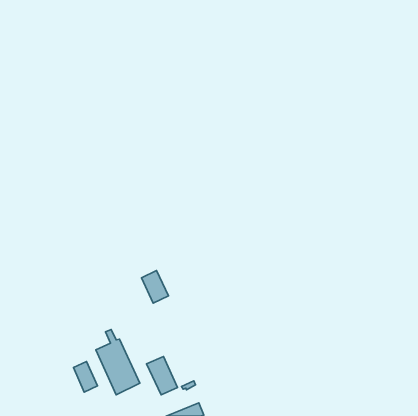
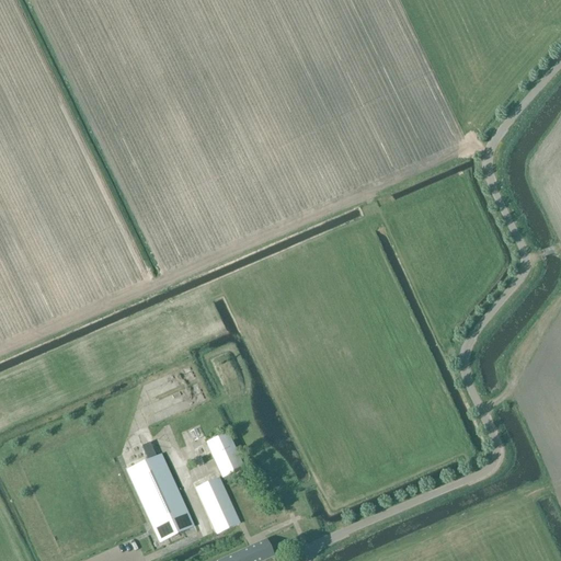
building: [142,270,169,303] -> [207,433,243,477]
building: [73,362,98,392] -> none

